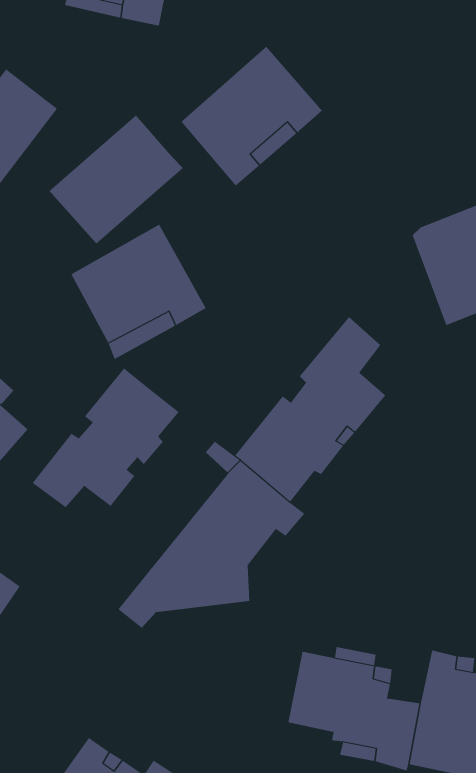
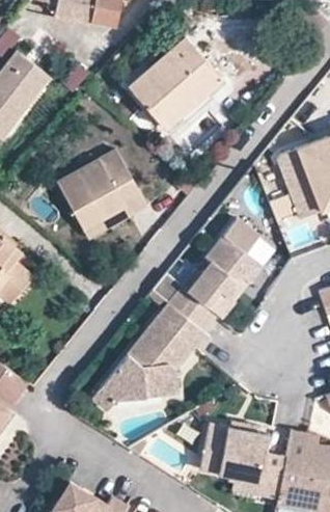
building: [49,114,184,245] -> none
building: [32,367,180,508] -> none

